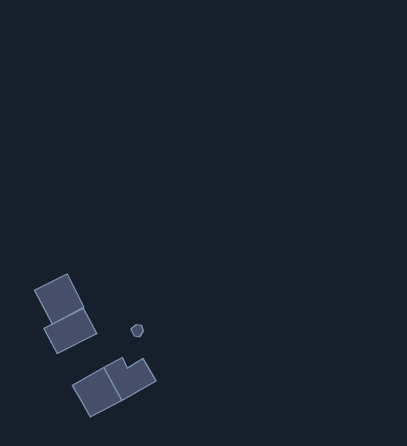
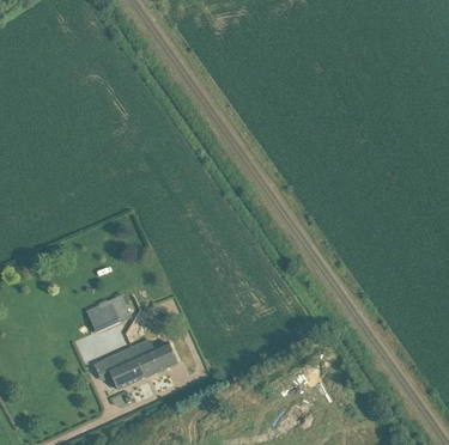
building: [35,274,84,324] -> none

